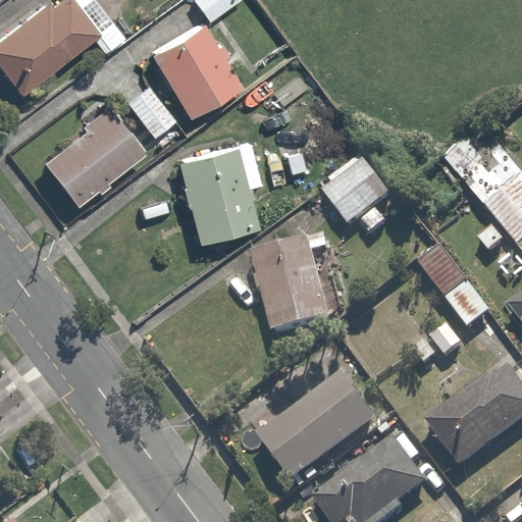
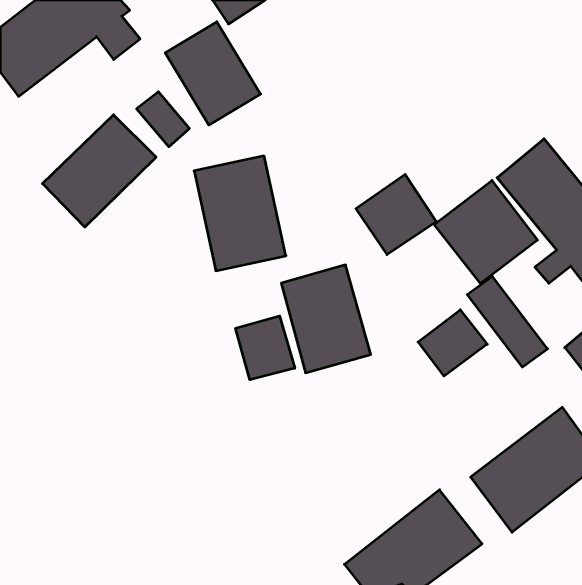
building: none -> [434,180,537,283]
building: none -> [418,310,487,376]
building: none -> [236,316,295,380]
building: [259,374,378,484] -> none

